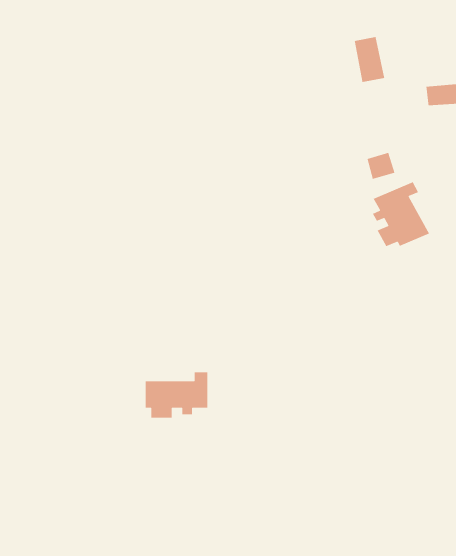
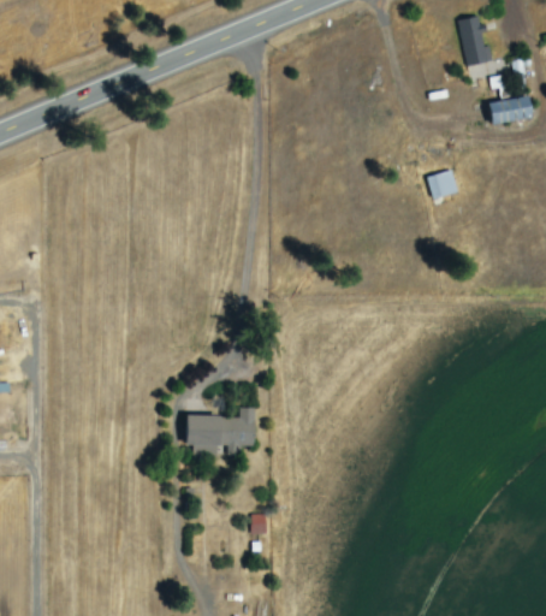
building: [354,36,385,83] -> [456,16,489,66]
building: [372,181,430,247] -> none

